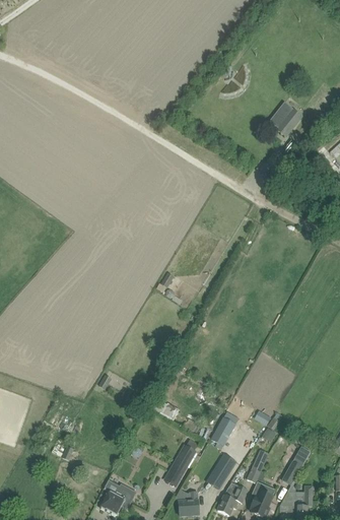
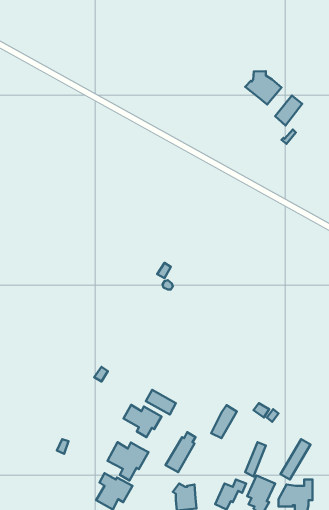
building: none -> [245,71,282,105]
building: none -> [123,405,162,437]
building: none -> [107,442,148,480]
building: [207,452,236,488] -> none

